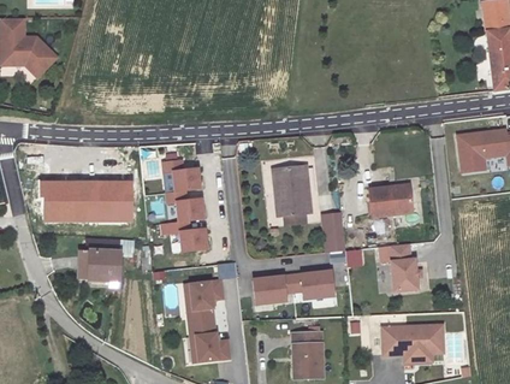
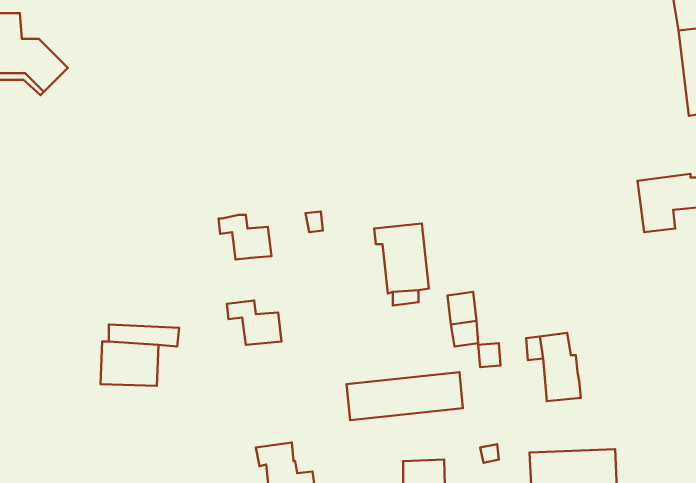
building: [40,182,131,219] -> none
building: [369,187,411,217] -> none
building: [165,190,203,221] -> none
building: [188,280,224,324] -> none

